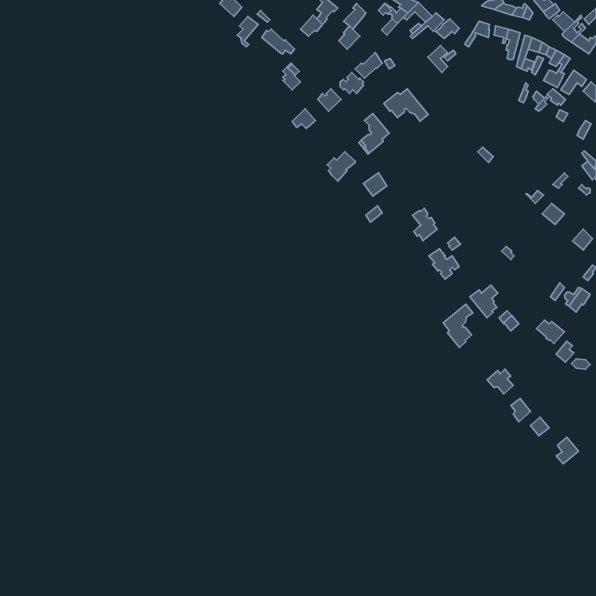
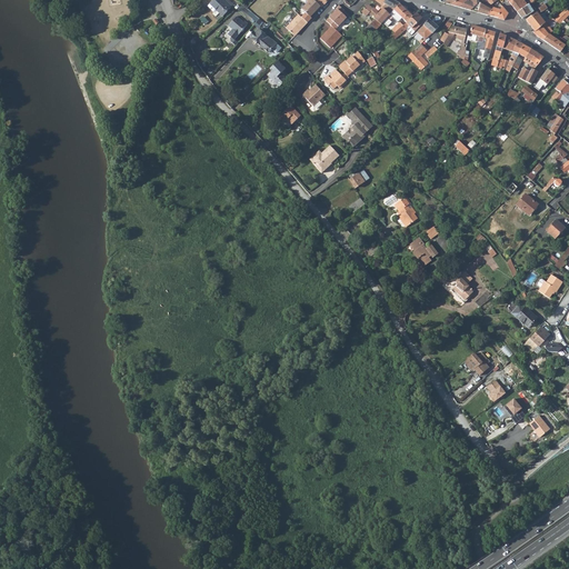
building: [384,89,428,121] -> none
building: [443,304,473,347] -> none

